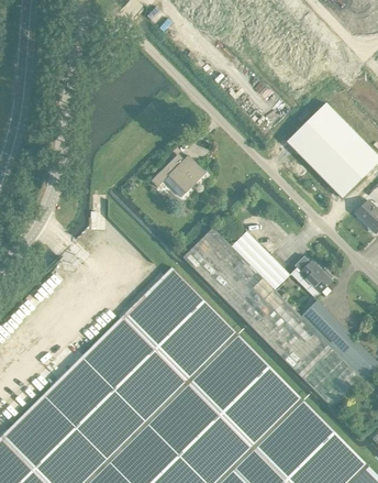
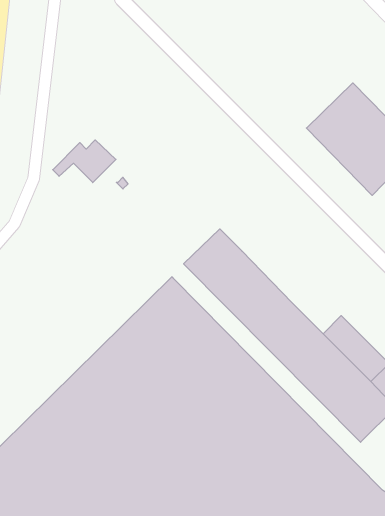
building: [152,156,205,193] -> [53,140,116,183]
building: [232,232,289,290] -> none
building: [294,257,333,294] -> none

